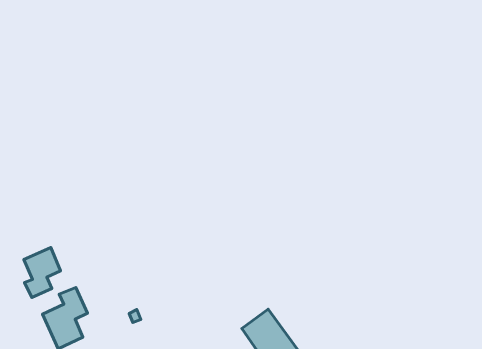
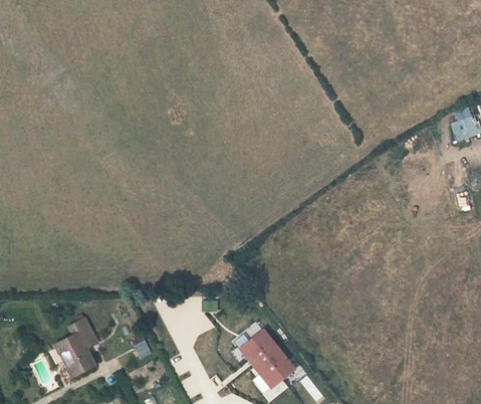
building: [24,248,61,298] -> none

